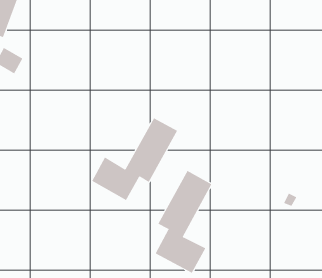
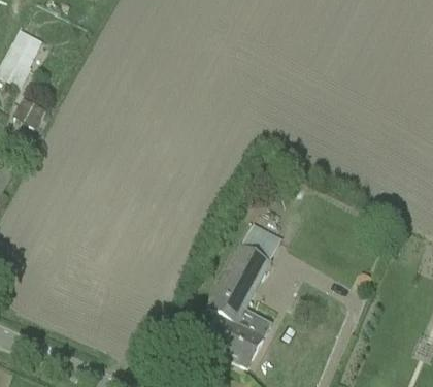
building: [91,117,178,201] -> none

